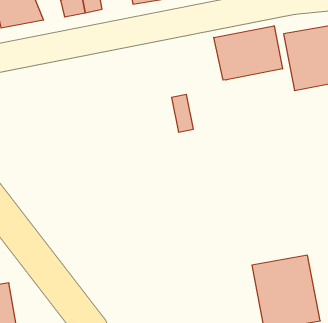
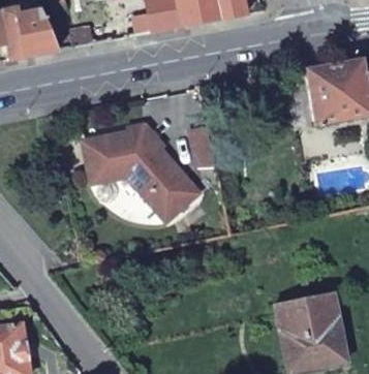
building: [214,26,282,80] -> none
building: none -> [83,126,198,222]

